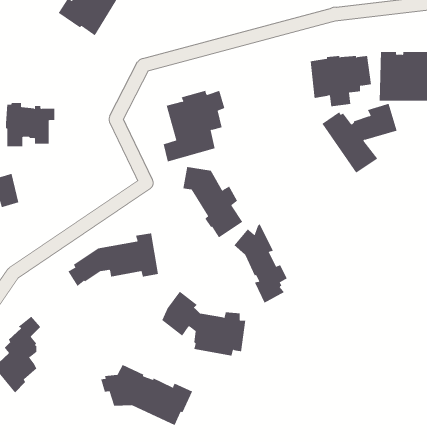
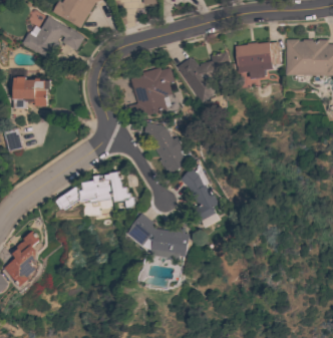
building: none -> [22,16,84,59]
building: [321,103,397,174] -> [177,51,232,102]
building: [101,364,193,426] -> none

